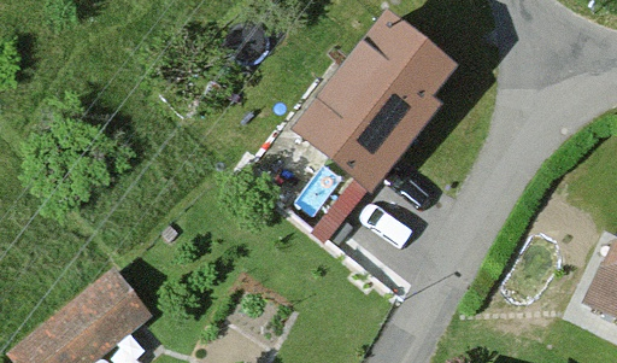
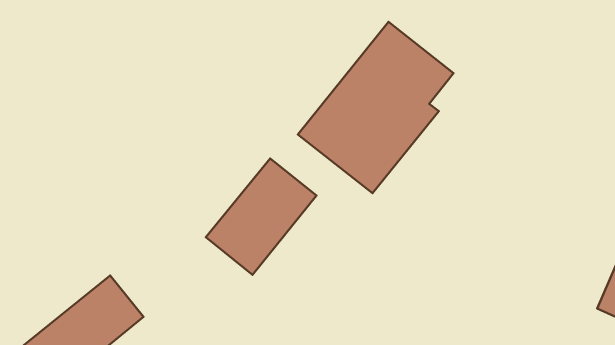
building: none -> [206,159,317,275]

